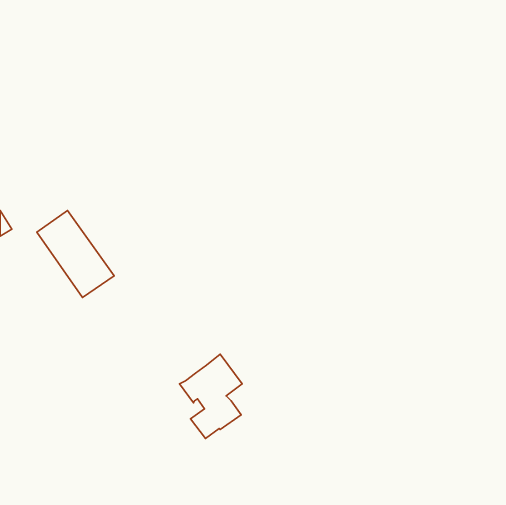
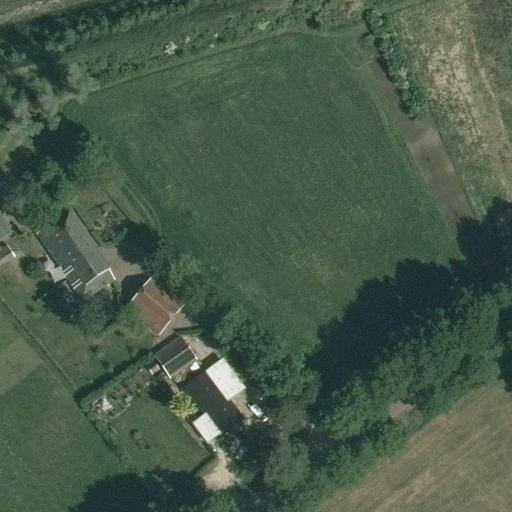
building: none -> [127,275,186,333]
building: none -> [155,335,198,378]

